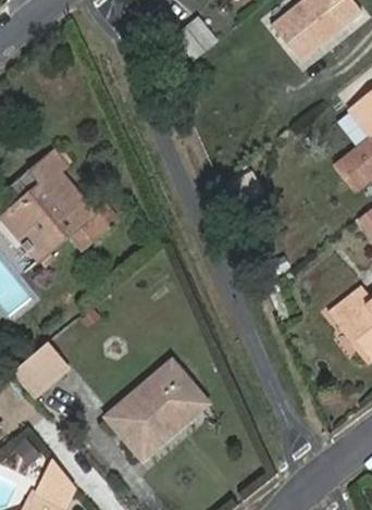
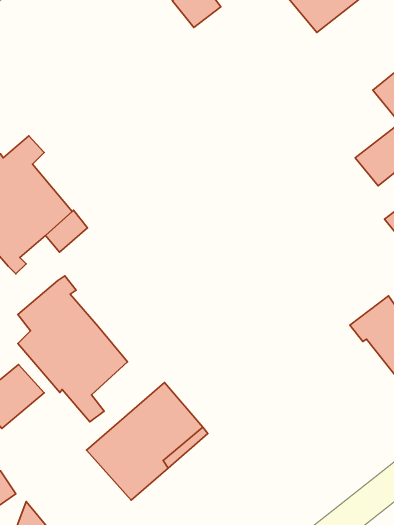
building: none -> [18,276,128,422]

